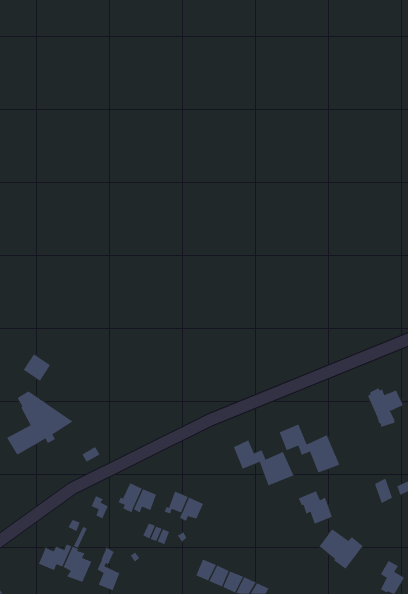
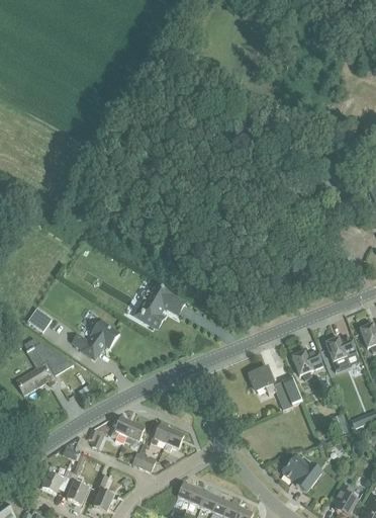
building: none -> [135,286,184,327]
building: none -> [72,319,118,358]
building: none -> [291,349,322,379]
building: [233,440,294,486] -> none
building: [298,490,332,524] -> none

